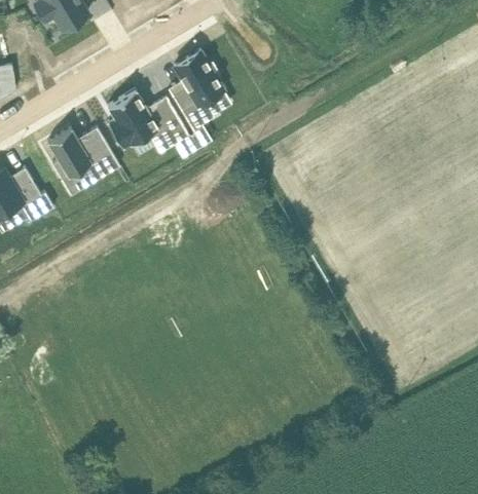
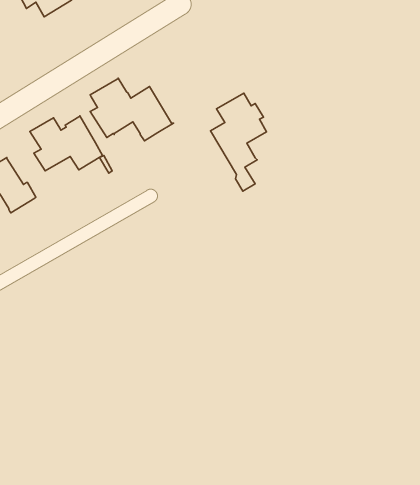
building: [168,50,223,147] -> [210,93,267,191]

